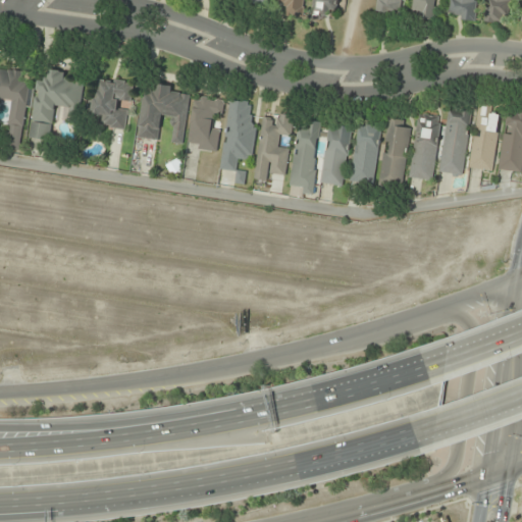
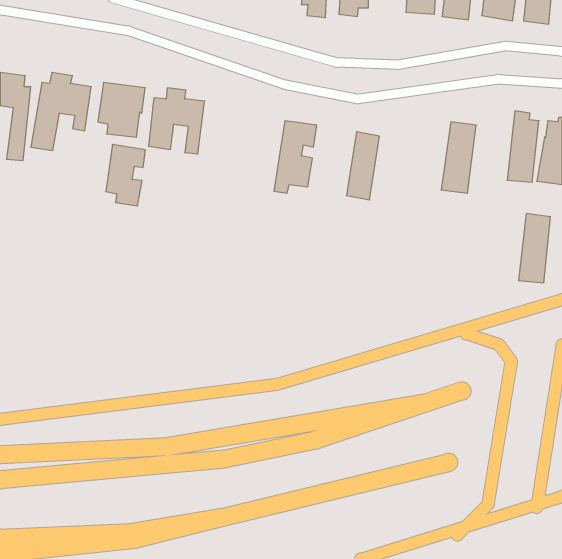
building: [188,95,224,152] -> [106,144,145,206]
building: [220,99,257,182] -> none
building: [440,109,470,173] -> [519,214,550,283]
building: [380,117,410,184] -> none
building: [292,118,320,191] -> none
building: [351,122,380,182] -> none

